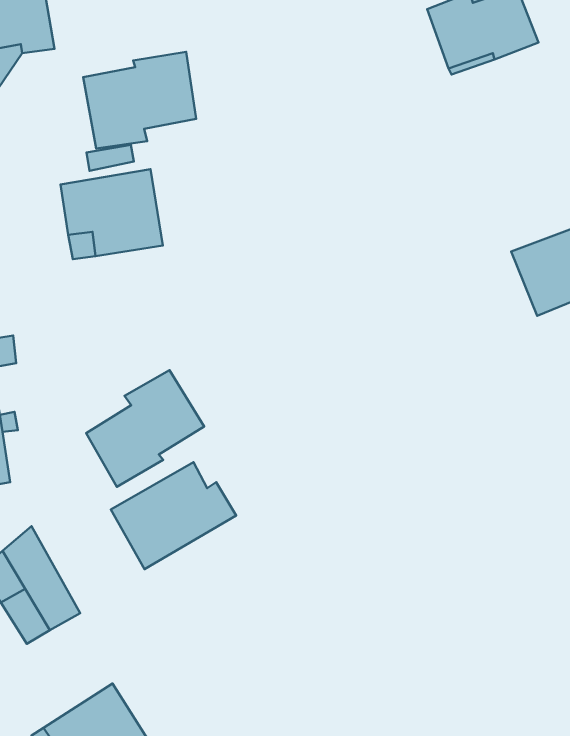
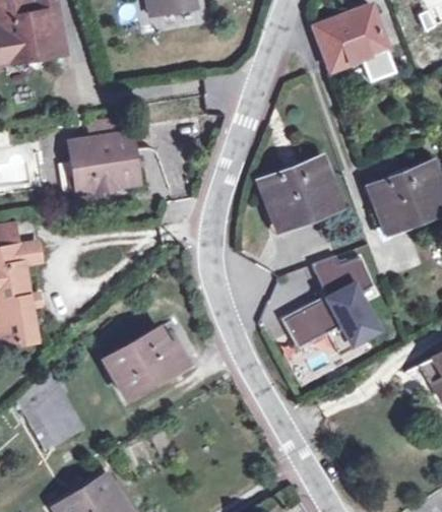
building: [83,52,196,149] -> none
building: none -> [260,157,339,228]
building: none -> [288,254,376,349]
building: [86,370,204,487] -> none

